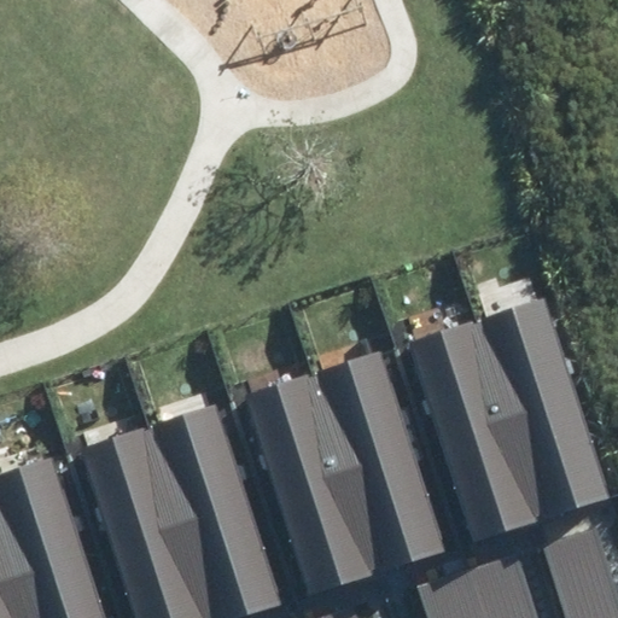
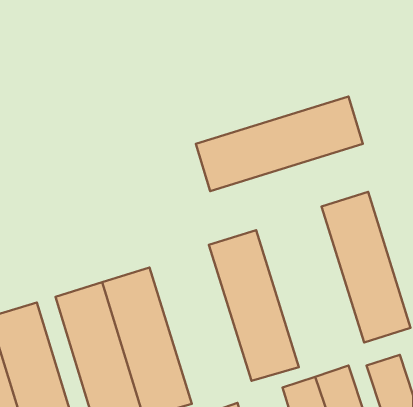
building: none -> [196,96,363,191]
building: [406,320,538,543] -> none
building: [240,377,372,600] -> none

